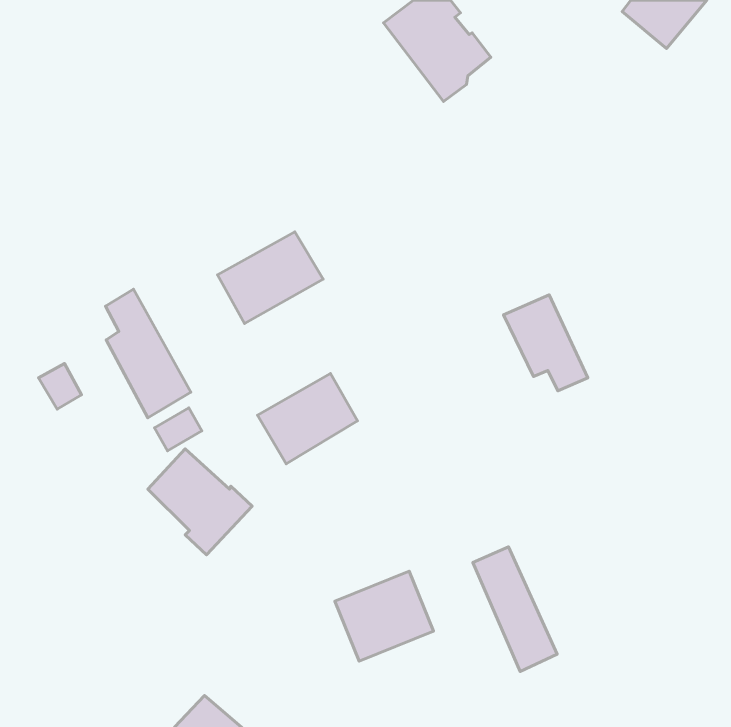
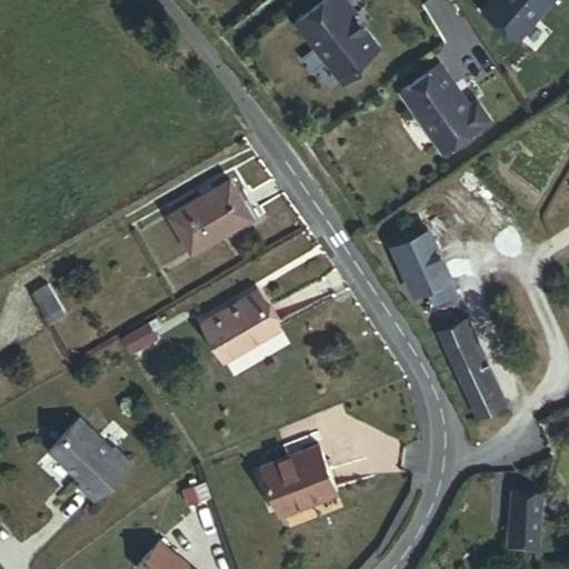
building: none -> [403,64,491,152]
building: [105,289,191,418] -> none
building: [148,449,252,555] -> [49,421,130,503]
building: [473,547,557,671] -> [439,322,505,419]
building: none -> [506,493,543,553]

